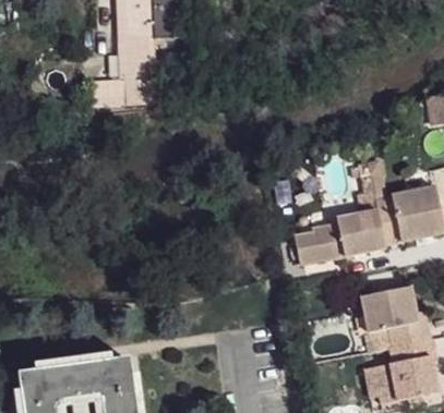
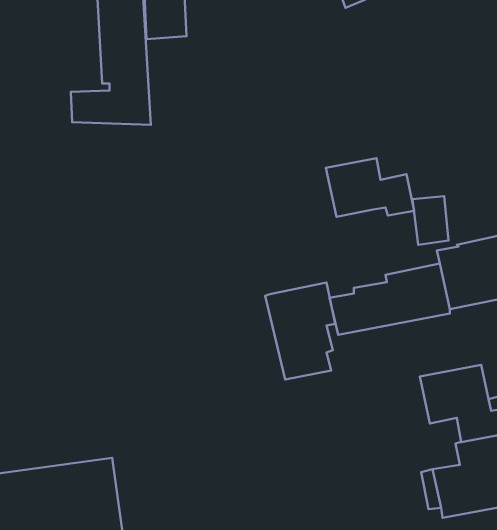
building: none -> [326,158,414,217]
building: none -> [265,283,335,380]

